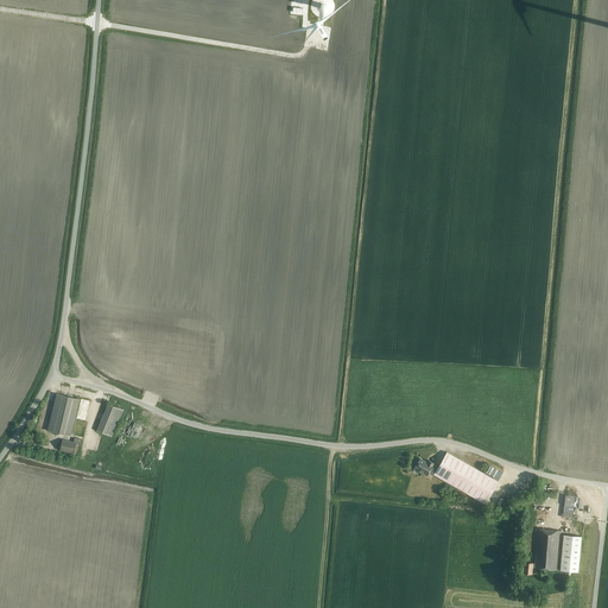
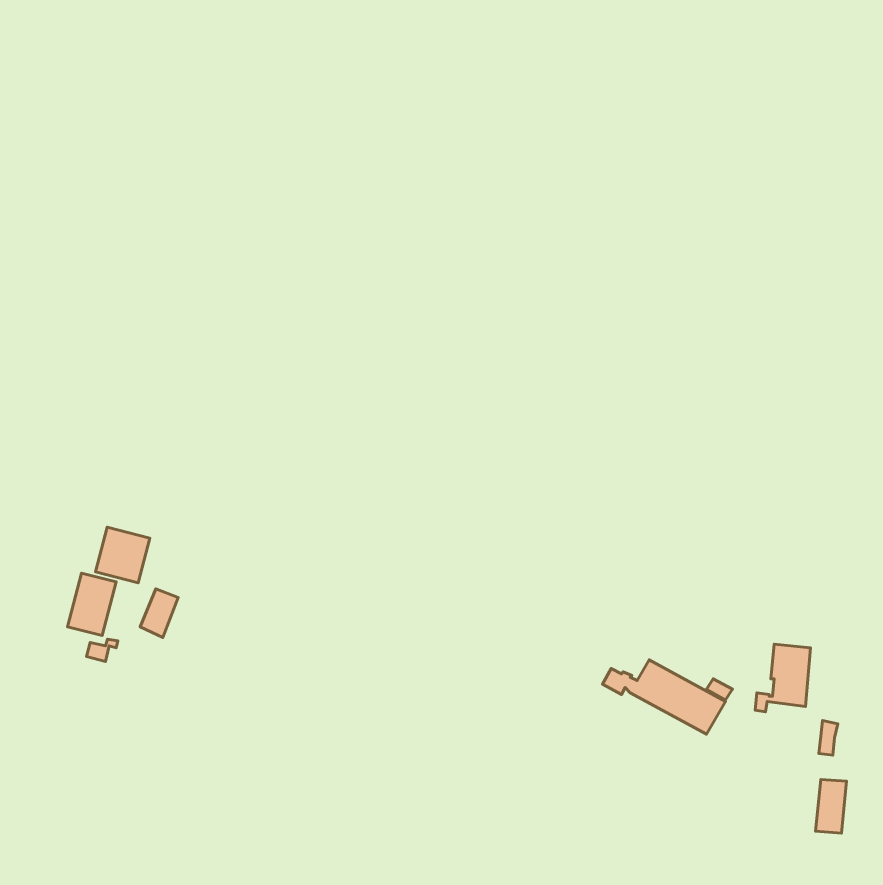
building: none -> [95,527,150,583]
building: [522,527,560,574] -> [755,644,811,712]

